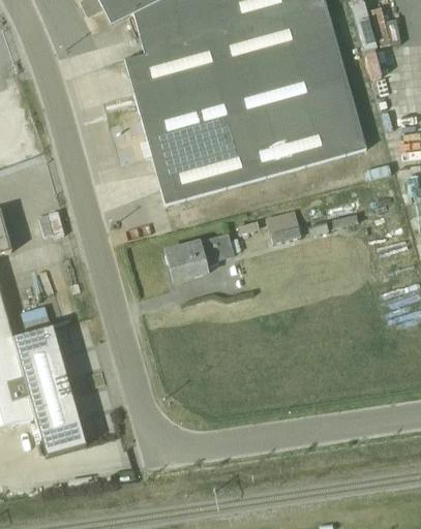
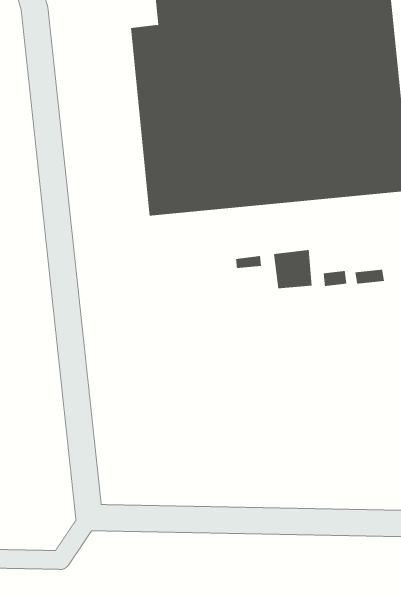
building: [167,232,240,280] -> none

